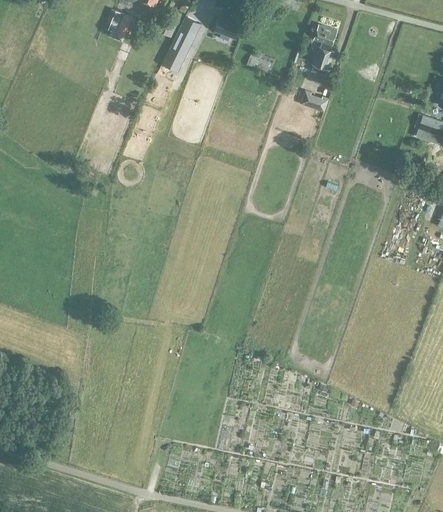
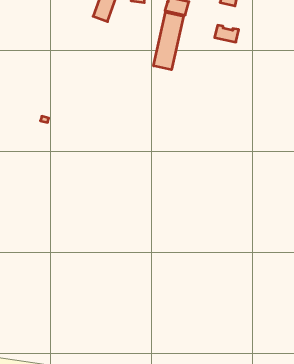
building: none -> [154,12,183,70]

